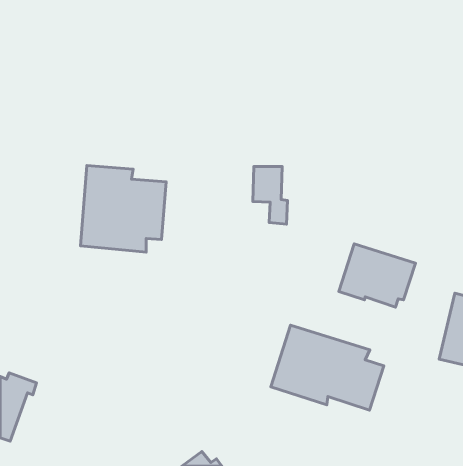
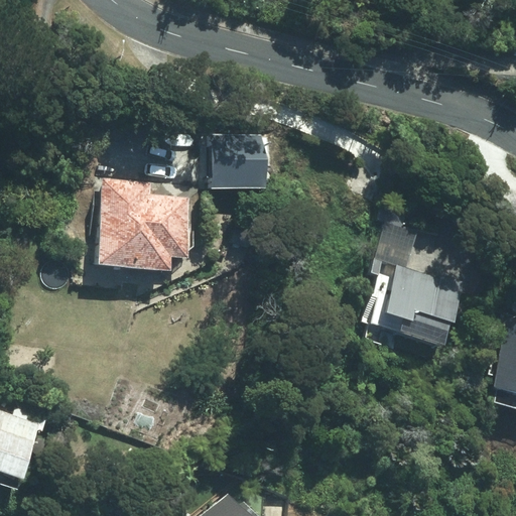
building: [253,167,288,224] -> [230,131,268,195]
building: [271,325,384,410] -> none

